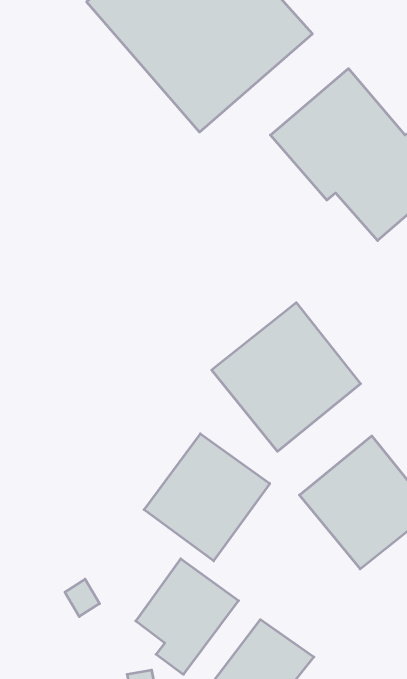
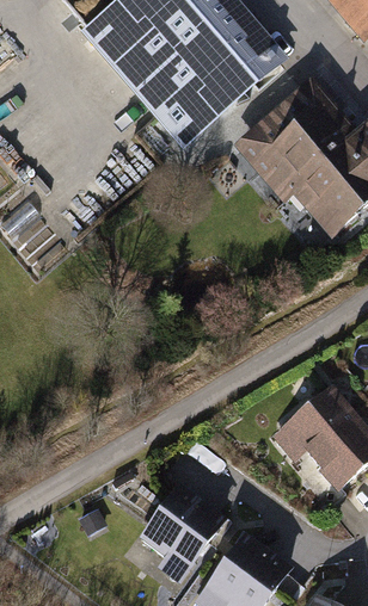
building: [212,303,361,451] -> none
building: [144,434,270,561] -> none

